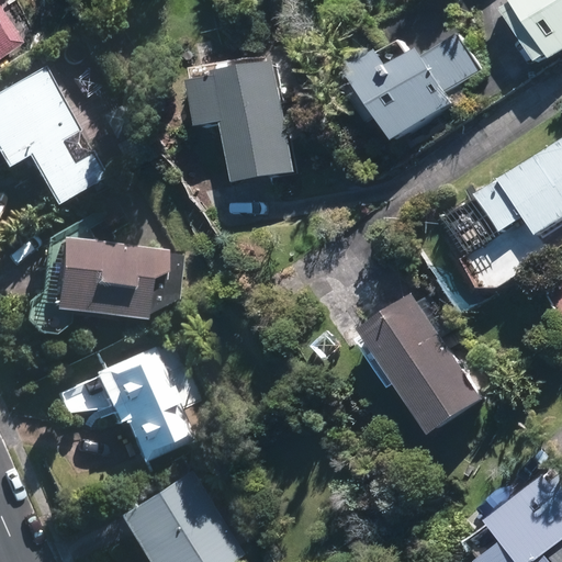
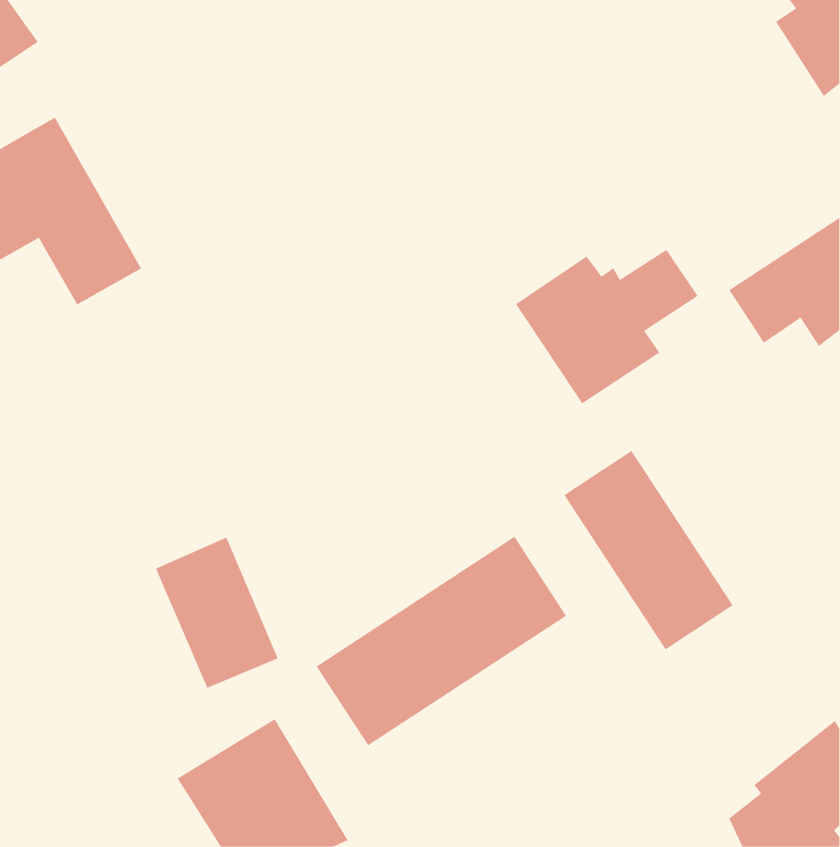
building: [357,42,477,144] -> [515,249,699,404]
building: [201,76,296,183] -> none
building: [49,238,160,314] -> none
building: none -> [316,536,567,746]

